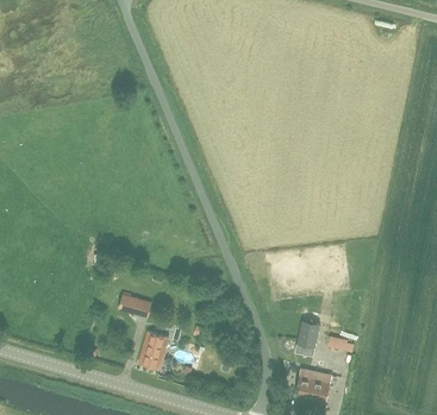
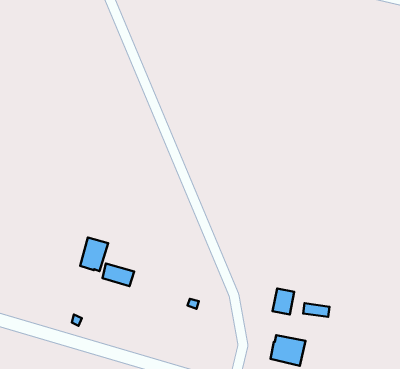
building: none -> [80,238,108,271]
building: [137,332,167,370] -> none

